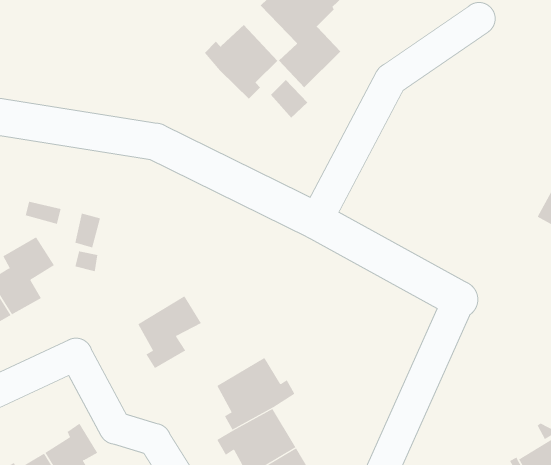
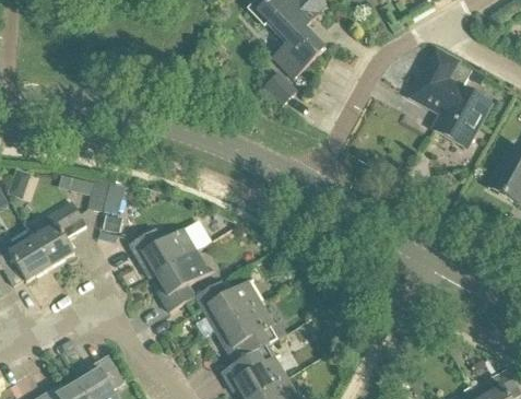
building: [204,24,278,100] -> none
building: none -> [411,51,487,148]
building: none -> [128,221,210,279]
building: none -> [194,282,260,327]

